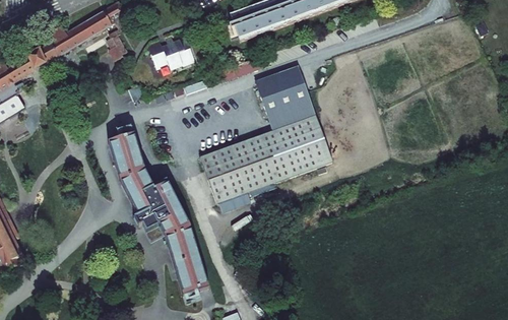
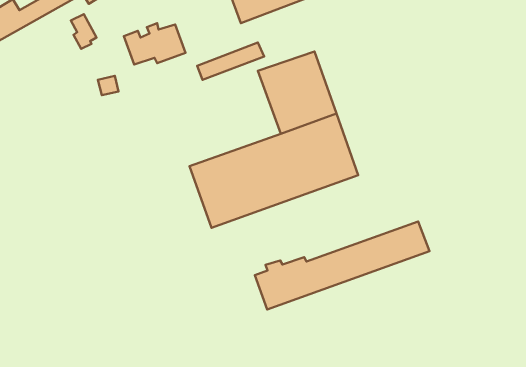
building: [108,132,209,303] -> none
building: none -> [255,221,429,310]

